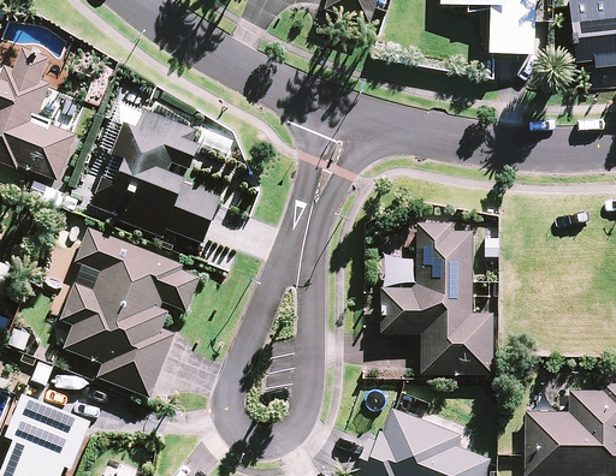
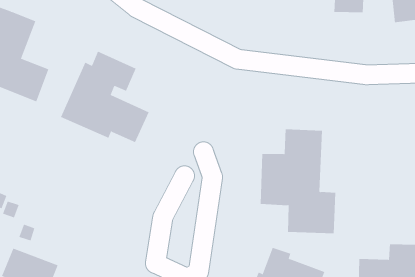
building: [60,230,200,397] -> none

